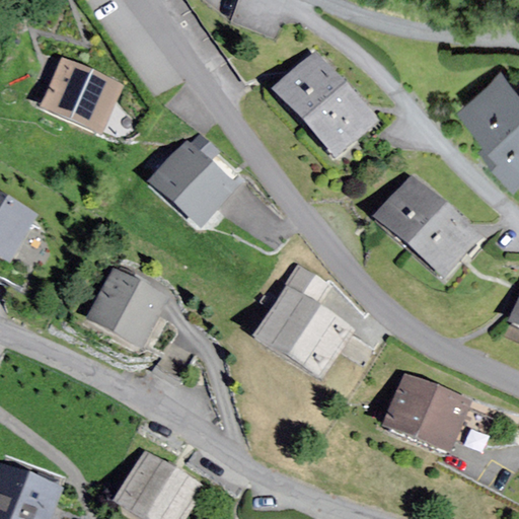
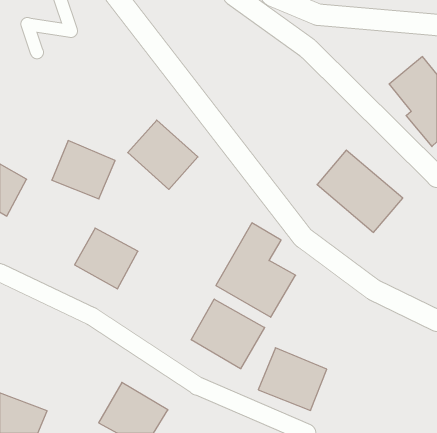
building: [275,56,371,154] -> none
building: [43,60,118,129] -> [52,141,115,199]
building: none -> [191,299,265,369]
building: [384,376,465,450] -> [258,348,327,410]

